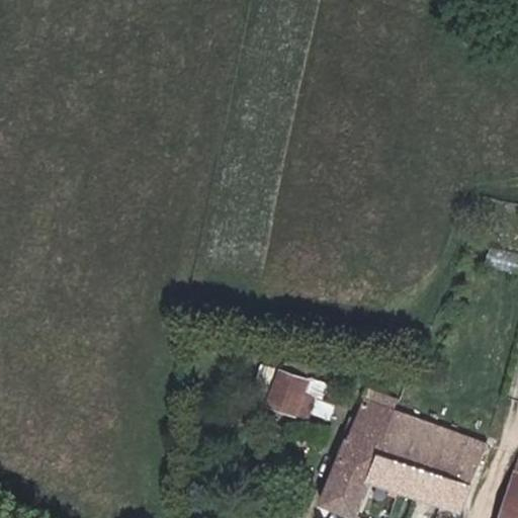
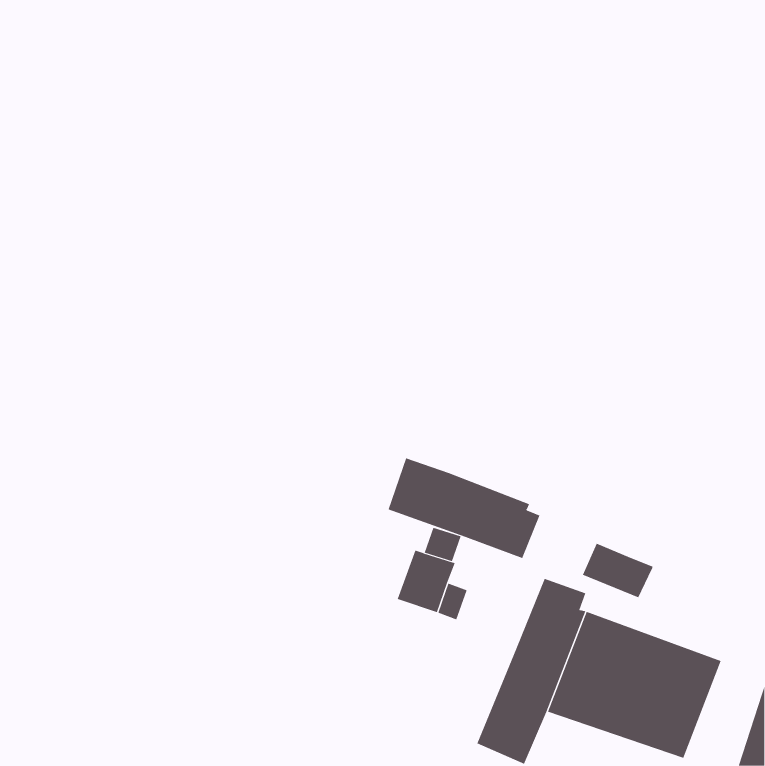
building: none -> [388,458,540,559]
building: none -> [582,543,653,598]

